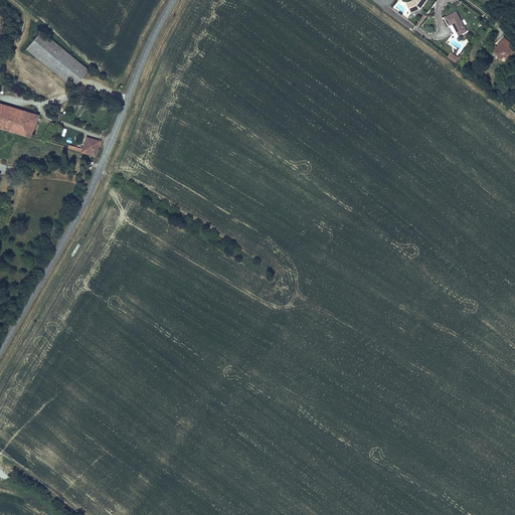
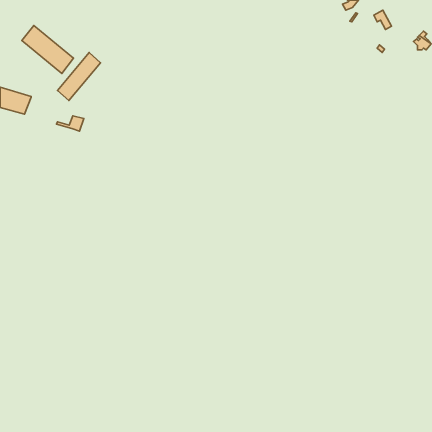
building: none -> [58,53,100,101]

